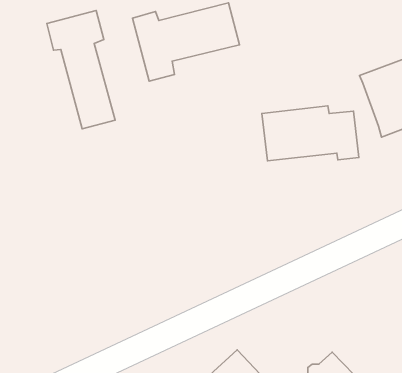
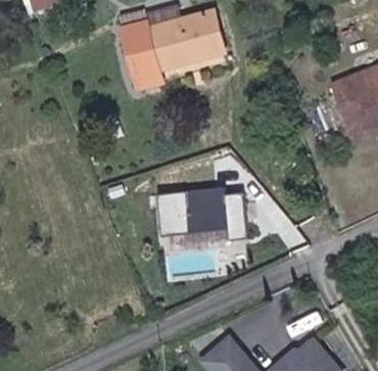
building: [47,10,115,129] -> none
building: [262,106,359,161] -> [153,188,243,239]

